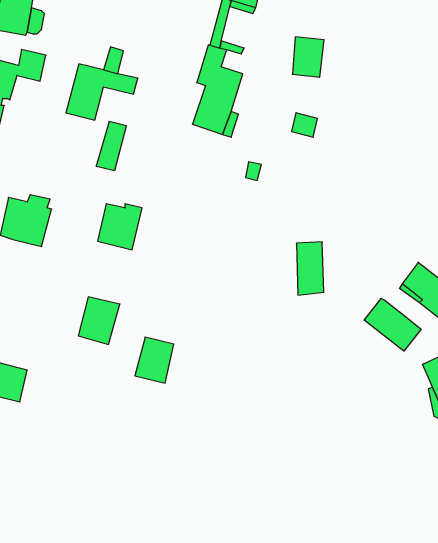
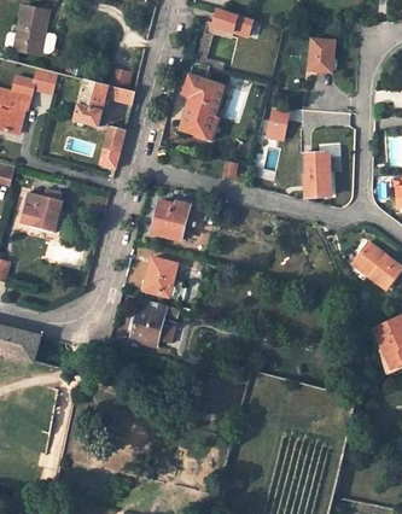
building: [292,37,324,77] -> [308,39,334,72]
building: [98,204,142,250] -> [153,201,191,240]
building: [296,242,324,295] -> [305,153,328,198]
building: [78,297,120,344] -> [144,257,179,297]
building: [364,298,421,351] -> none

